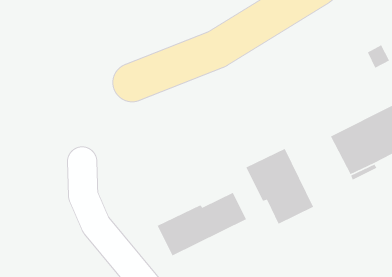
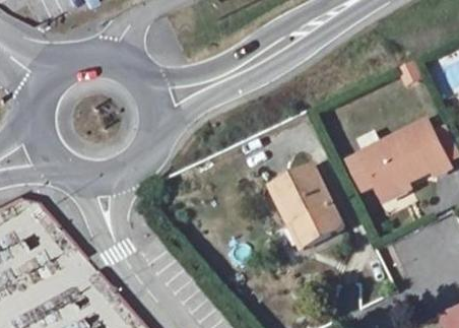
building: [157,192,247,257] -> none

